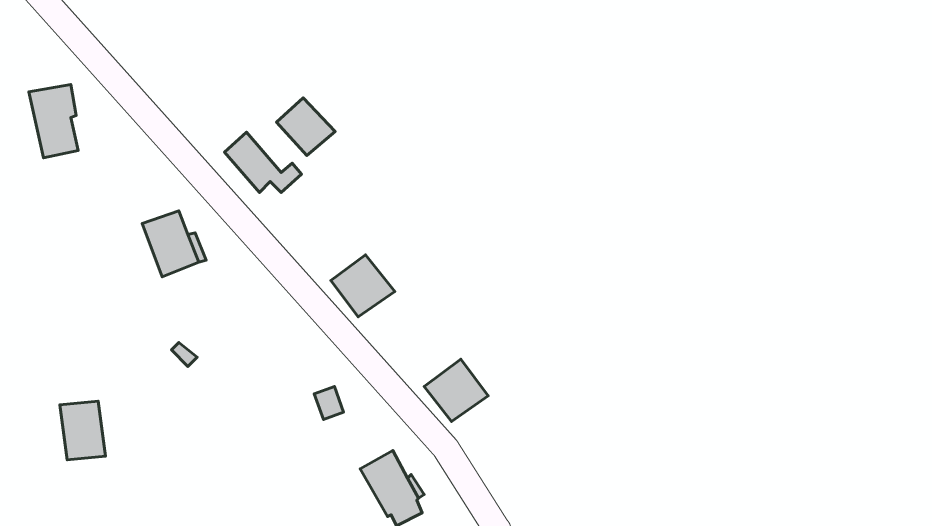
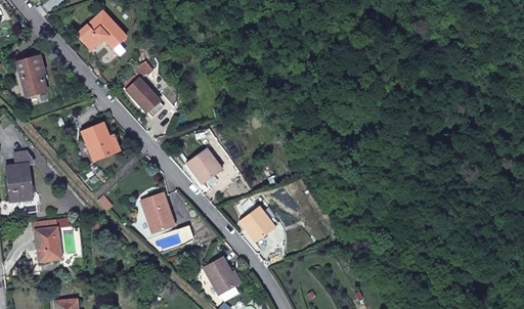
building: none -> [77,10,126,47]
building: [276,98,335,155] -> none
building: none -> [6,153,33,204]
building: none -> [139,190,172,230]

